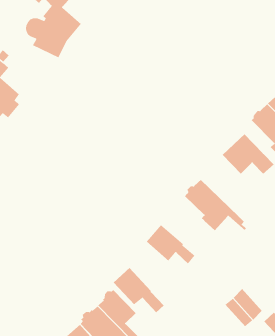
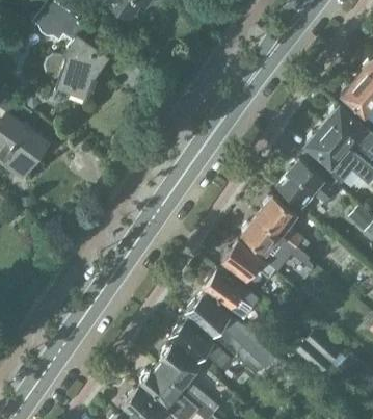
building: none -> [257,194,310,253]
building: none -> [222,241,275,282]
building: none -> [186,295,269,360]

